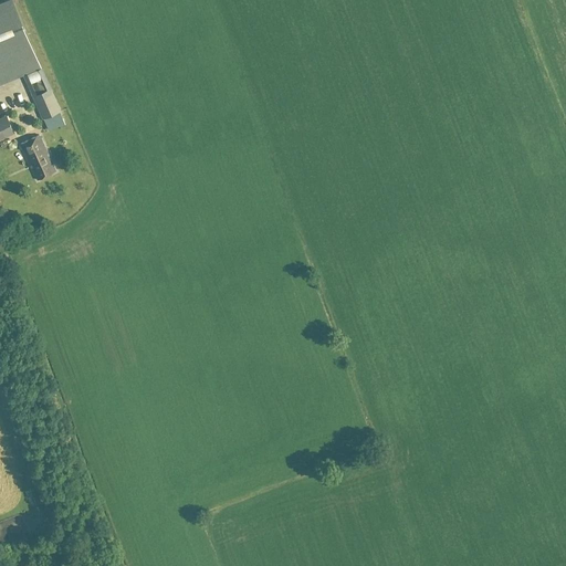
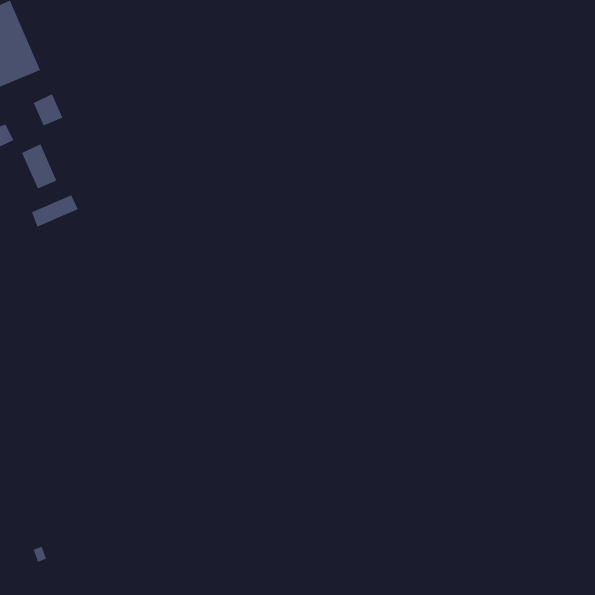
building: none -> [31,195,78,227]

